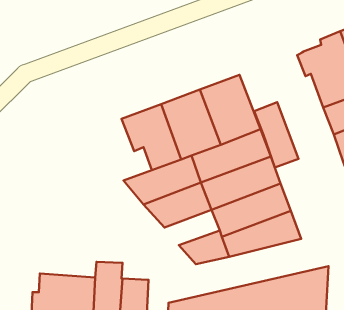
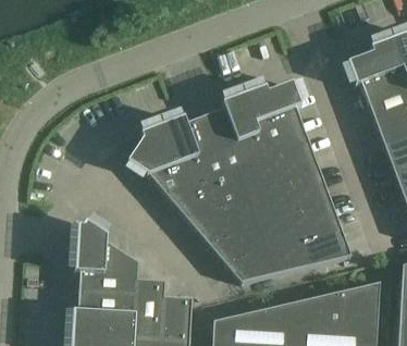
building: [254,102,299,168] -> none
building: none -> [130,128,195,193]
building: none -> [73,220,138,294]
building: none -> [208,223,266,260]

